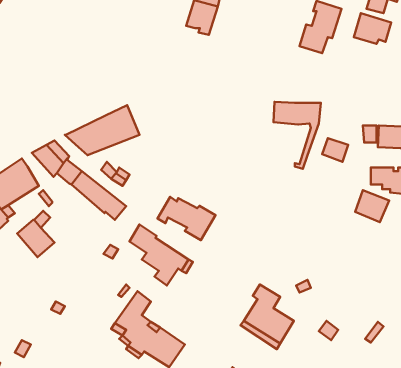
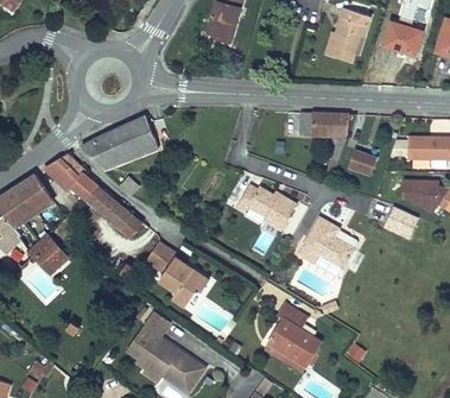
building: [158,197,215,240] -> [236,187,297,232]
building: none -> [298,219,359,270]

